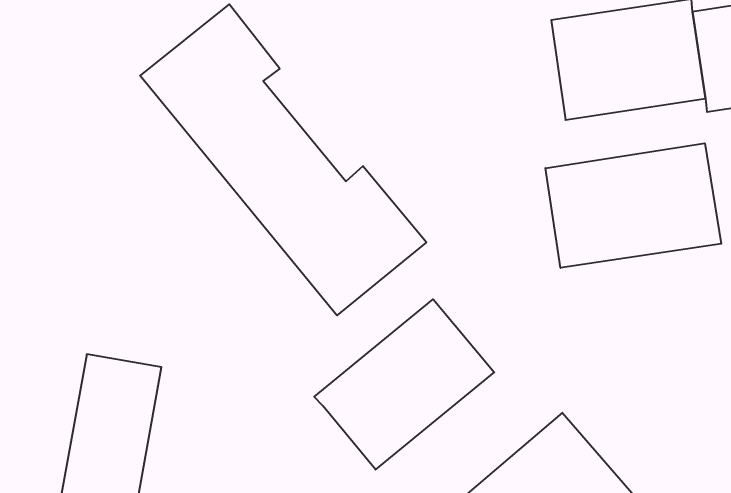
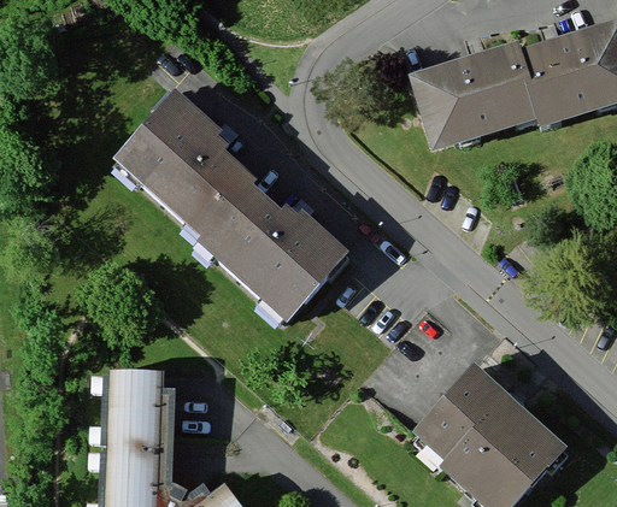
building: [545,143,721,268] -> none
building: [314,299,494,470] -> none

